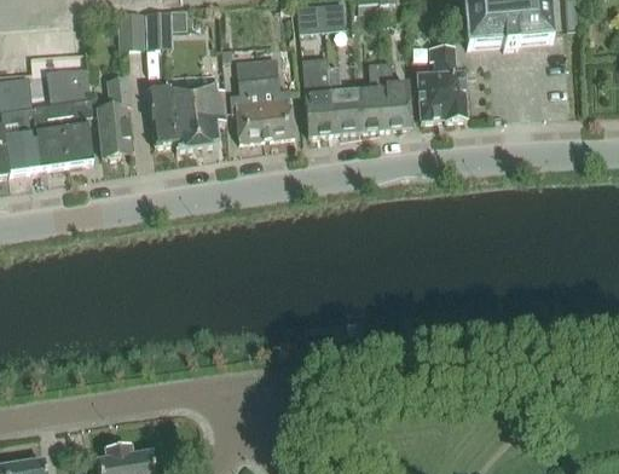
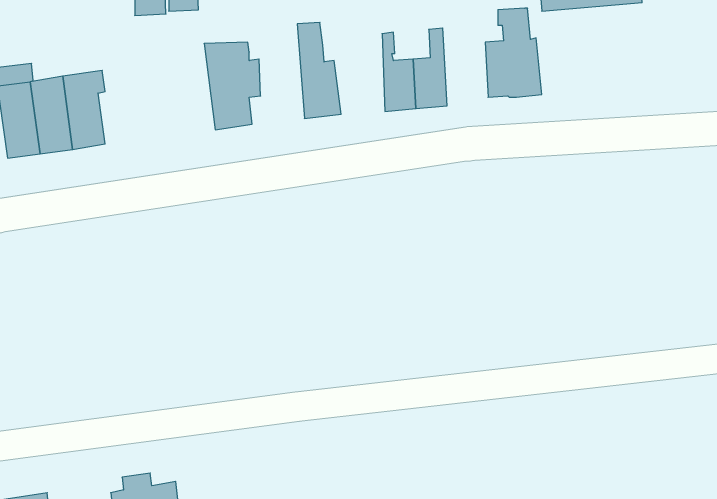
building: [305,56,332,133] -> none
building: [231,57,264,140] -> none
building: [382,60,411,127] -> none
building: [48,68,91,102] -> none
building: [149,74,187,149] -> none
building: [98,75,133,157] -> none

